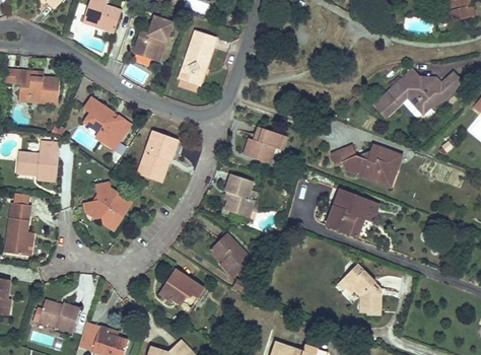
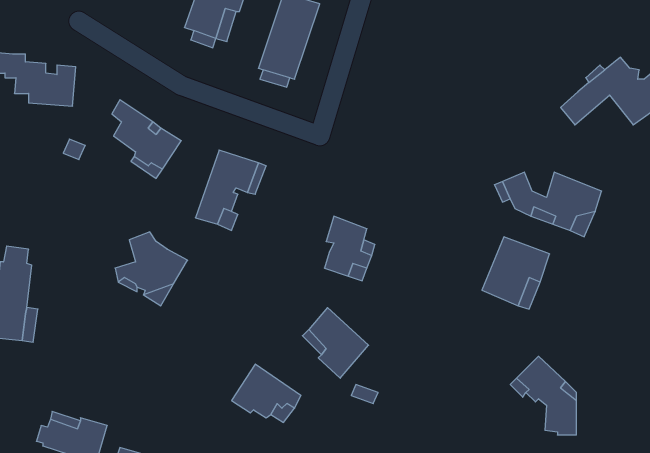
building: [240,126,287,165] -> none
building: [20,141,60,182] -> none

